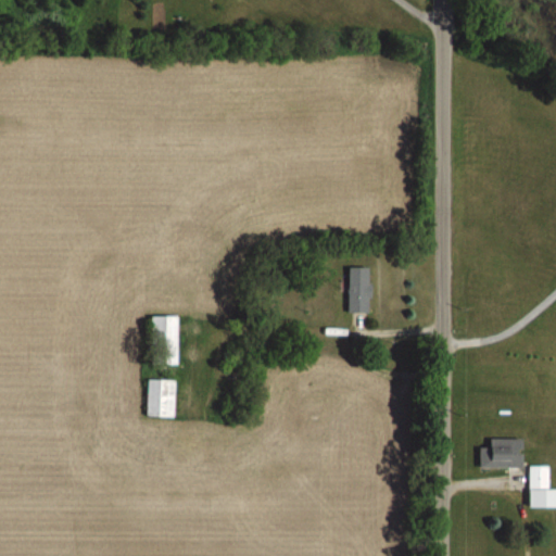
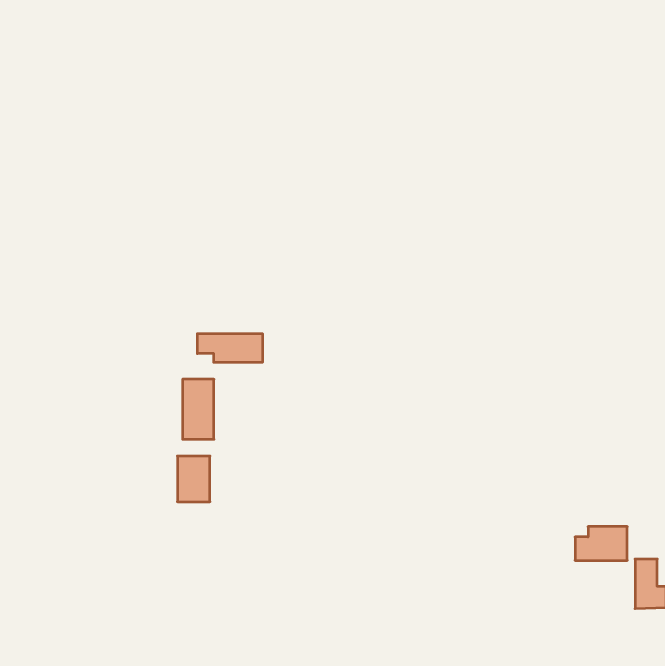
building: [350,267,371,313] -> none
building: none -> [197,334,262,362]

